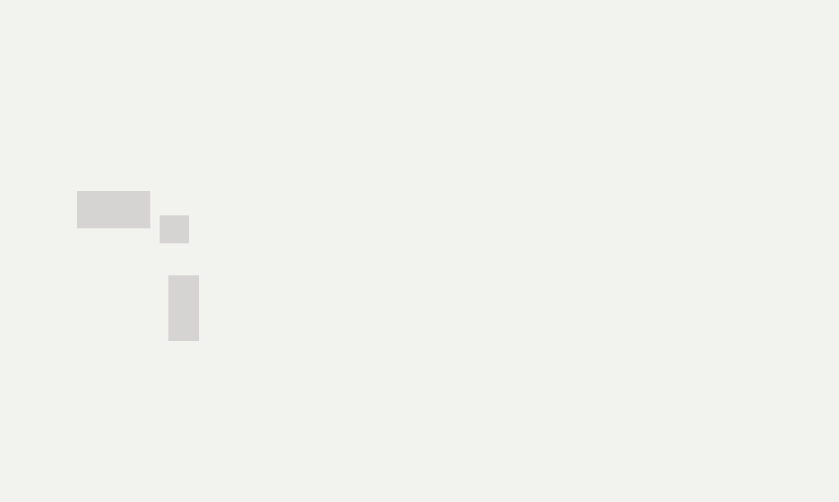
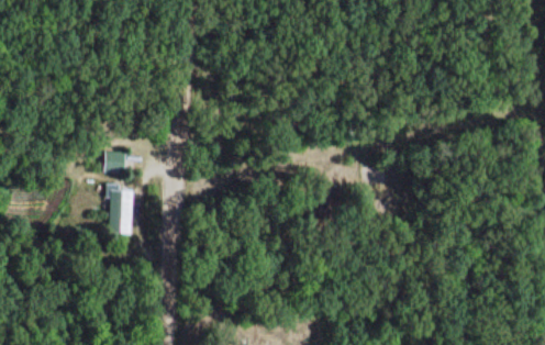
building: [76,190,151,229] -> none

